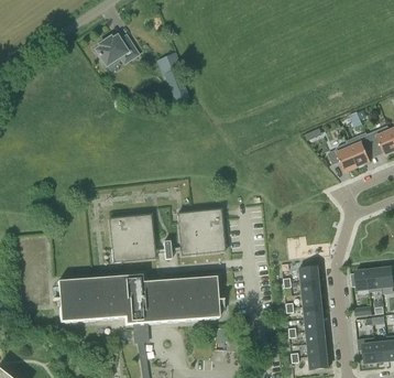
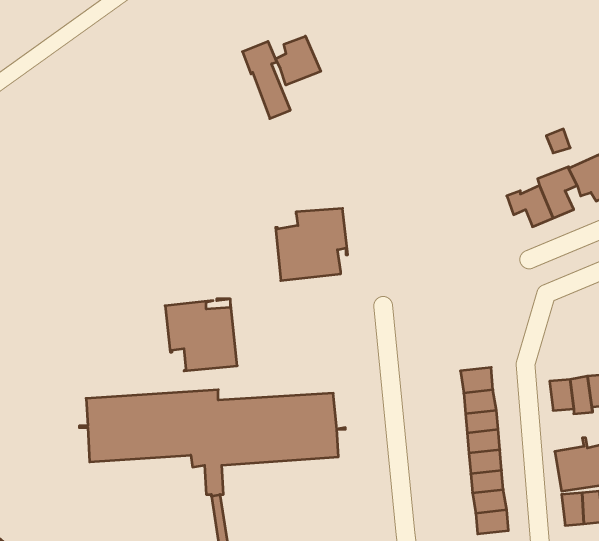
building: [96,35,136,65] -> none
building: none -> [275,36,321,85]
building: [177,212,223,258] -> [276,208,348,281]

